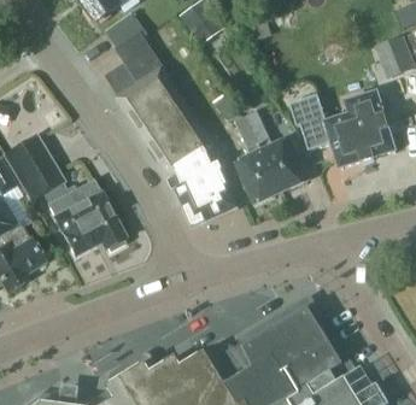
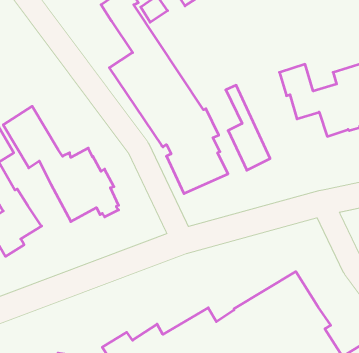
building: [246,110,307,190] -> none

